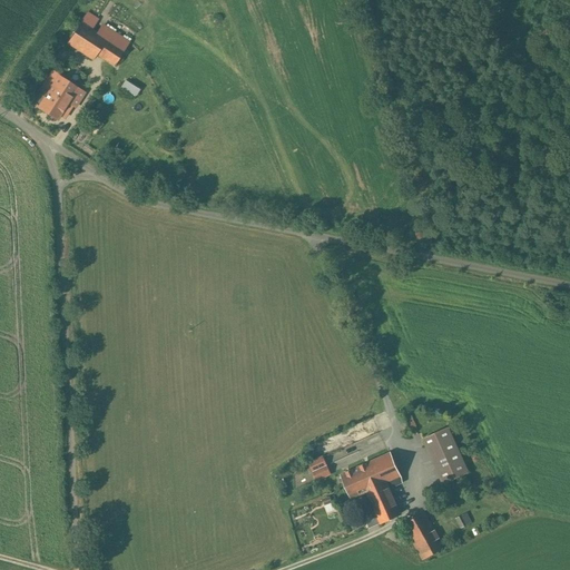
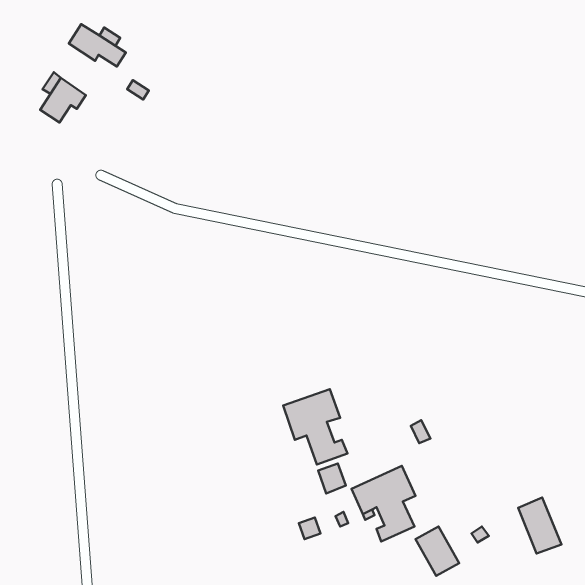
building: none -> [283,389,347,464]
building: [424,429,466,483] -> [518,497,562,554]

